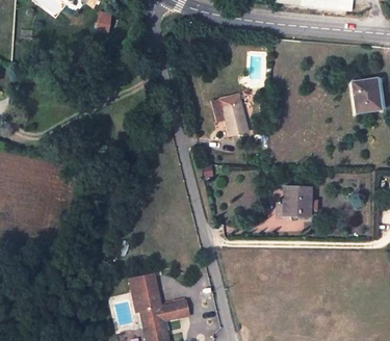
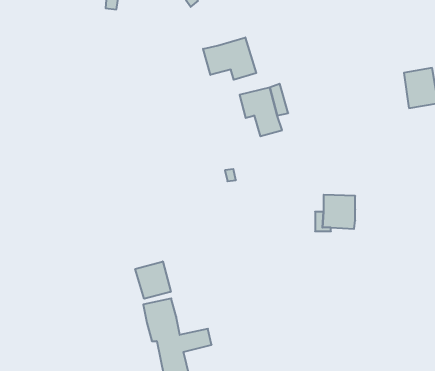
building: none -> [203,37,256,80]
building: none -> [135,261,171,299]

